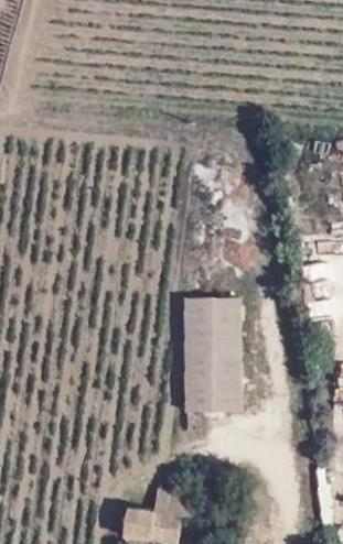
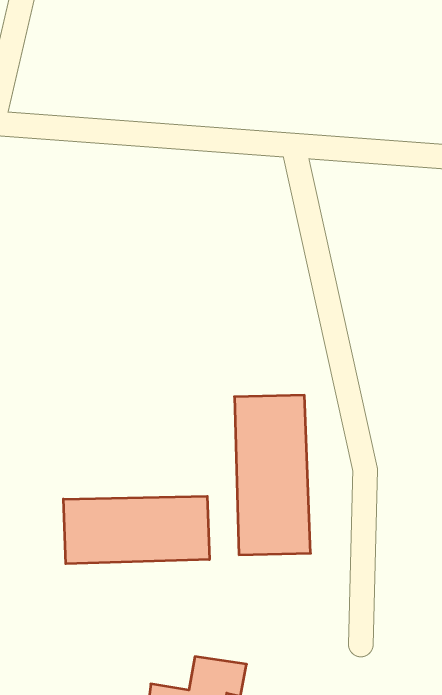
building: none -> [63,496,209,564]

